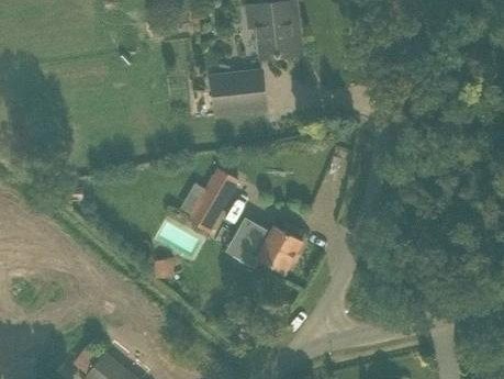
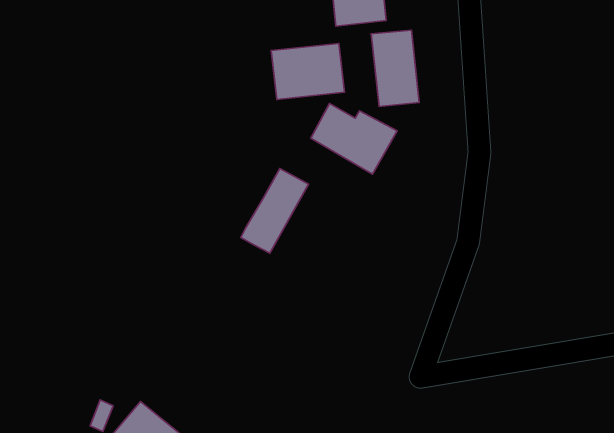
building: none -> [371,30,419,106]
building: [236,221,302,275] -> [311,104,397,174]

